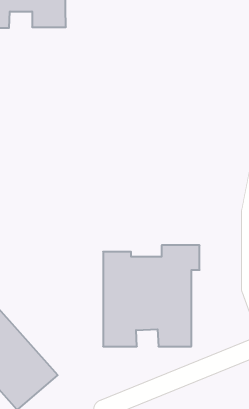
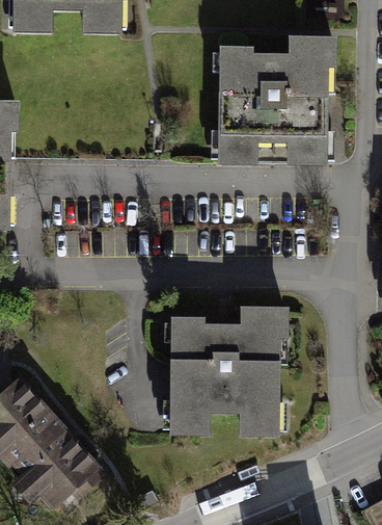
building: none -> [214,35,334,157]

